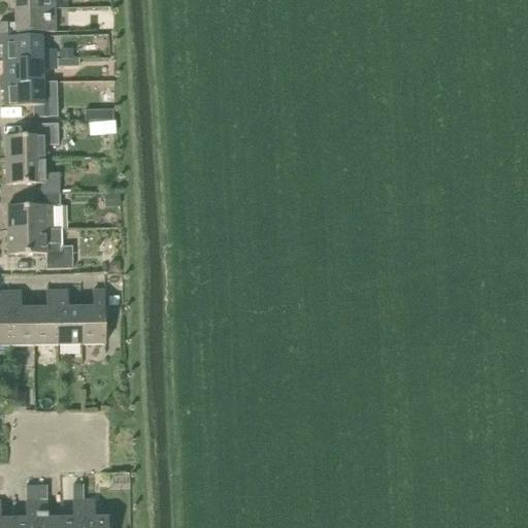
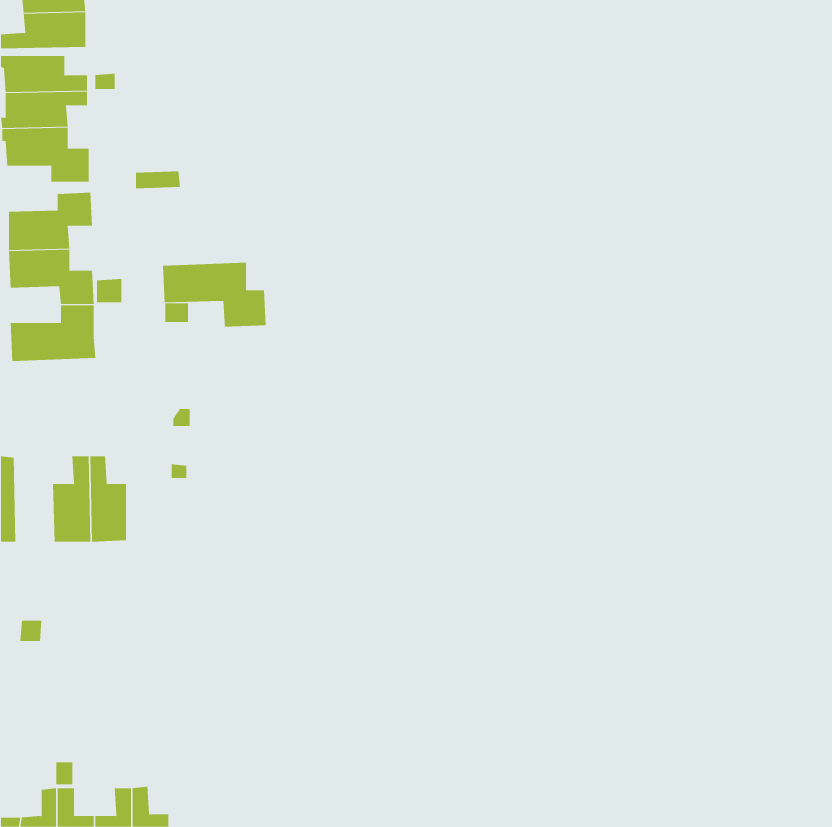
building: [7,227,73,268] -> [162,262,267,327]
building: [80,288,105,342] -> none
building: [9,290,34,343] -> none

